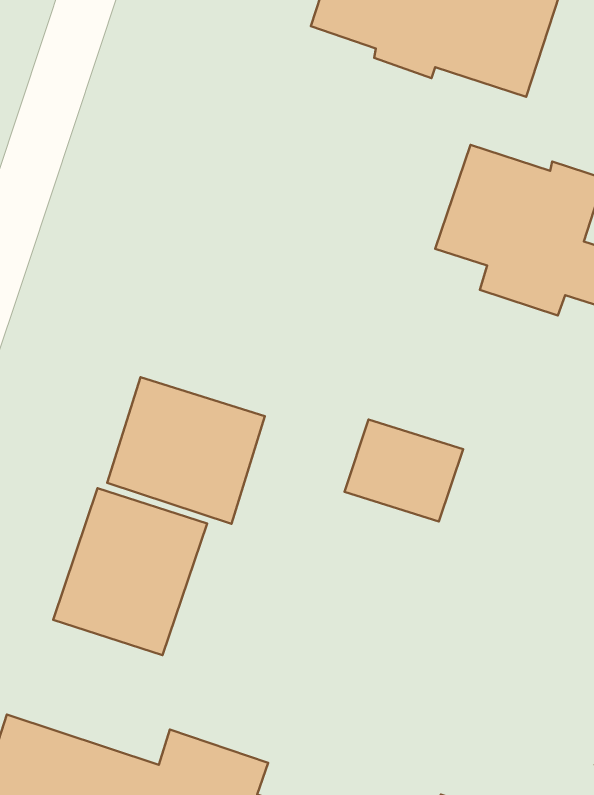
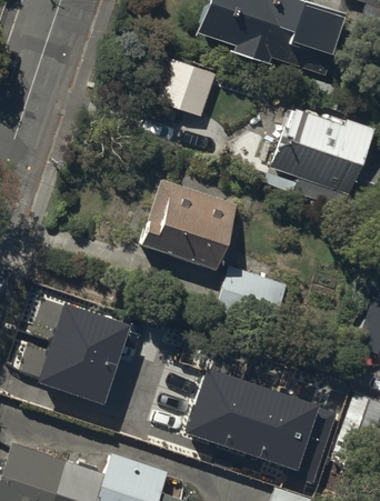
building: none -> [157,60,214,117]
building: [107,377,265,524] -> [141,180,236,268]
building: none -> [190,373,338,485]

